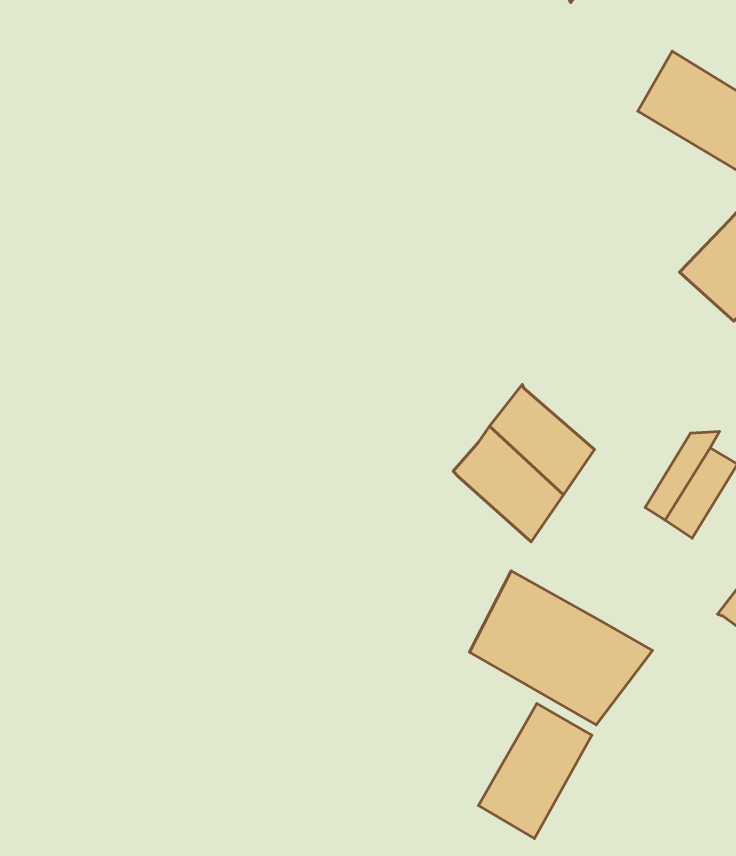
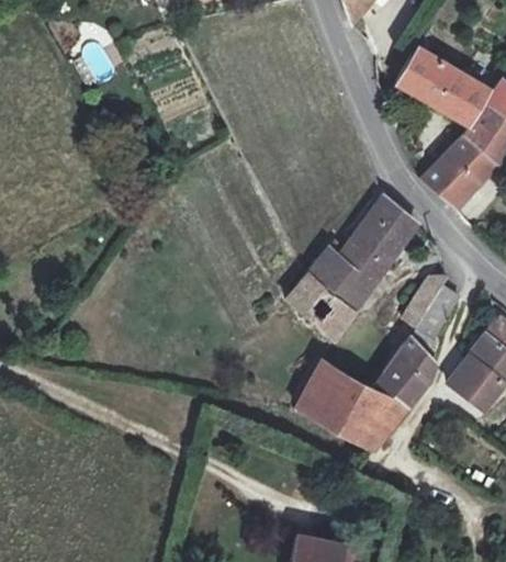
building: none -> [328,194,415,285]
building: none -> [375,340,432,407]
building: [479,703,592,839] -> none

